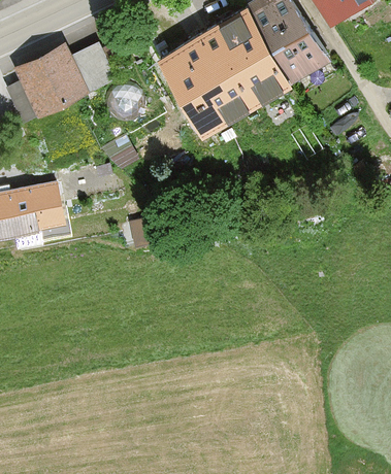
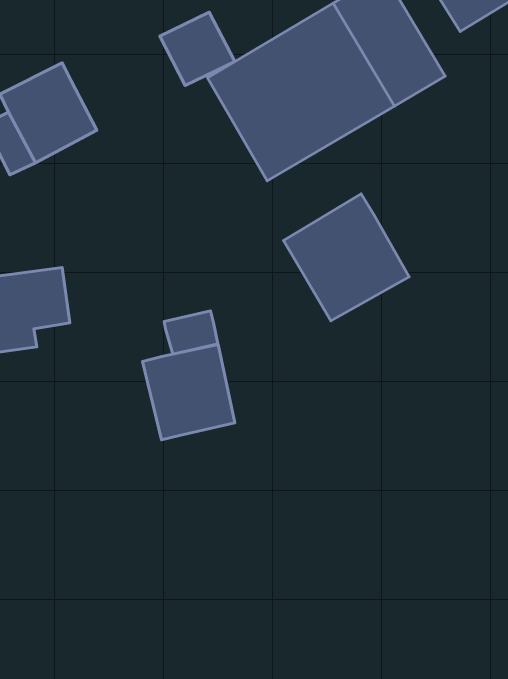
building: [65,42,117,93] -> [160,12,235,85]
building: none -> [283,194,409,321]
building: none -> [142,344,235,440]

